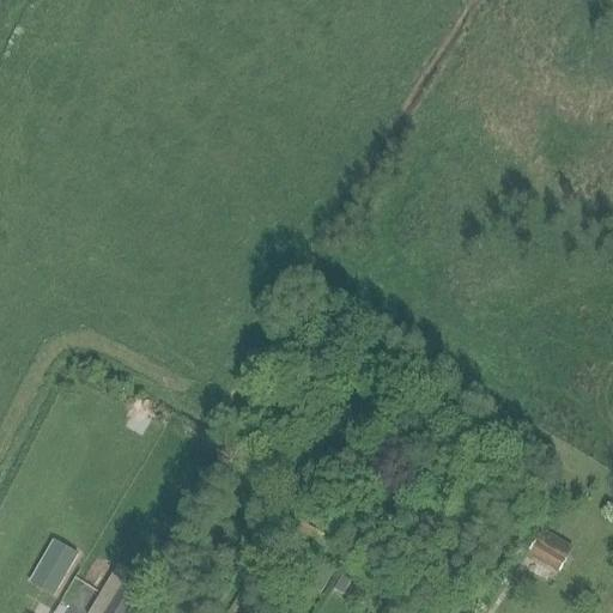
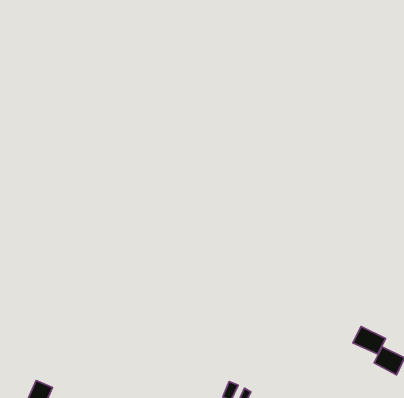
building: none -> [353,327,385,354]

